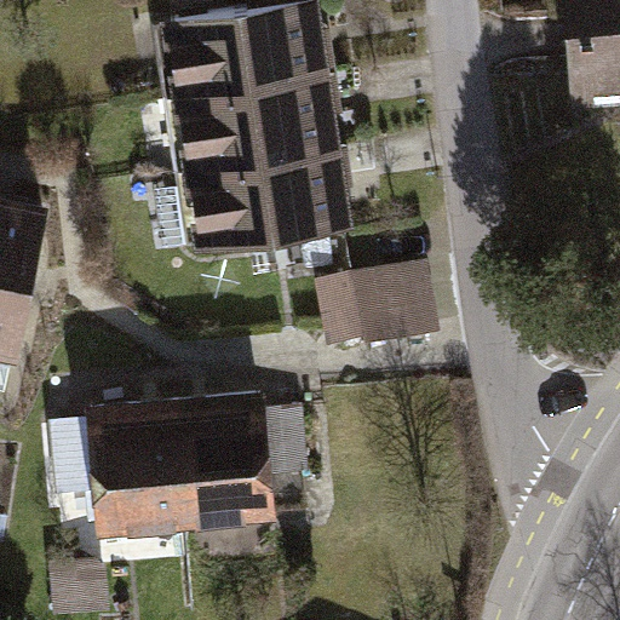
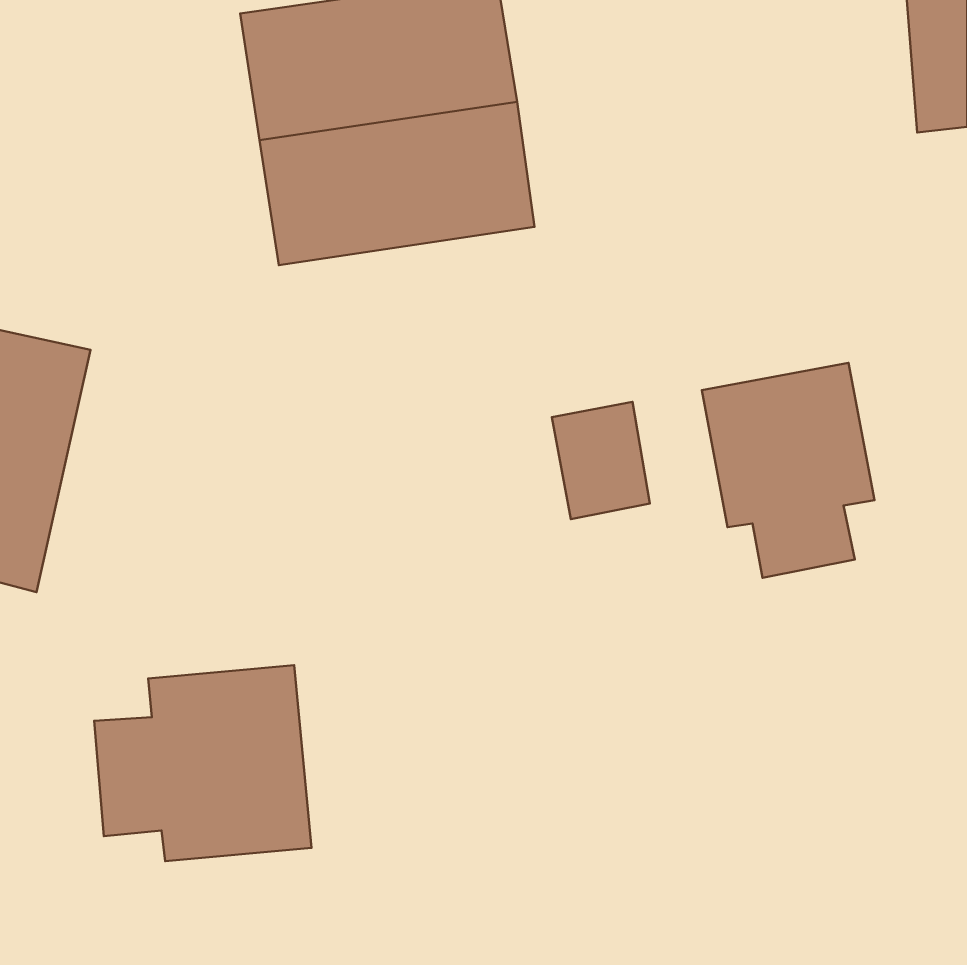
building: [176,143,349,246] -> none
building: none -> [702,363,874,578]
building: [185,411,315,534] -> none

